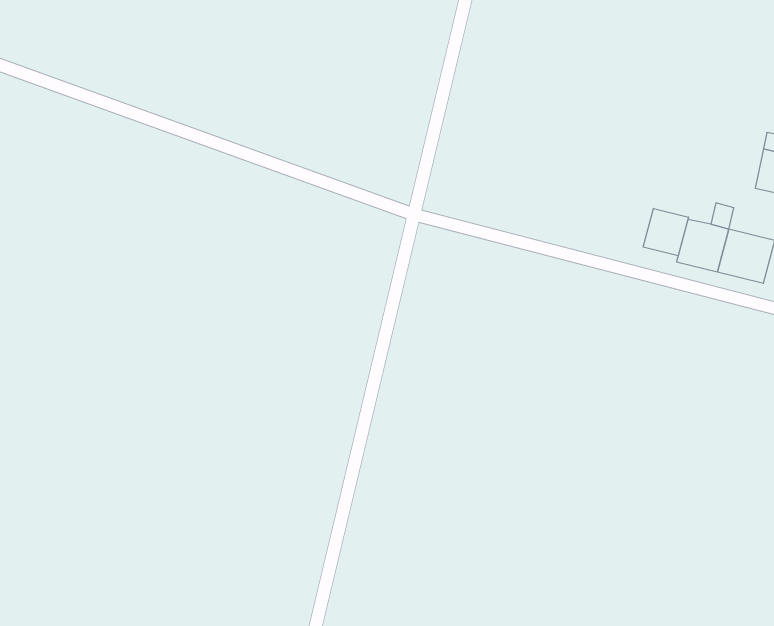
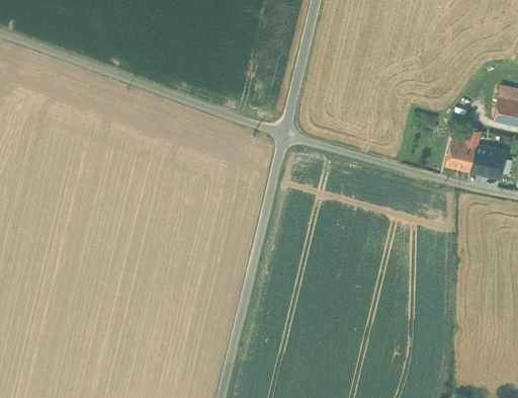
building: [643,208,689,256] -> none

